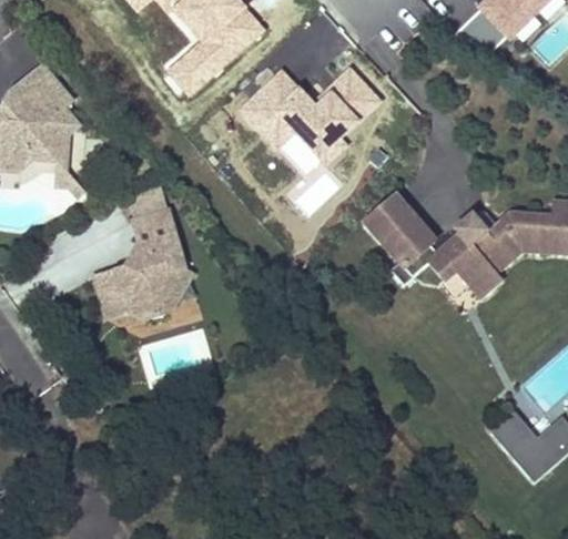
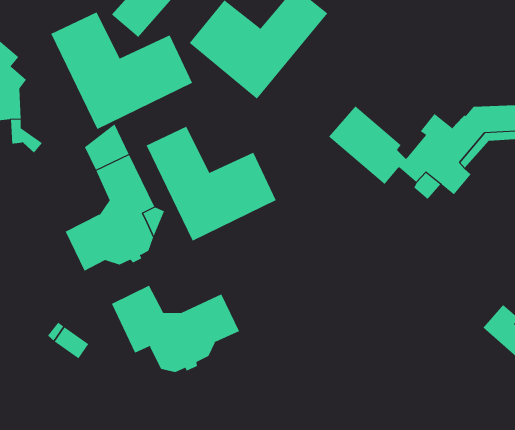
building: none -> [50,12,193,130]
building: none -> [146,126,277,241]
building: none -> [111,285,240,373]

